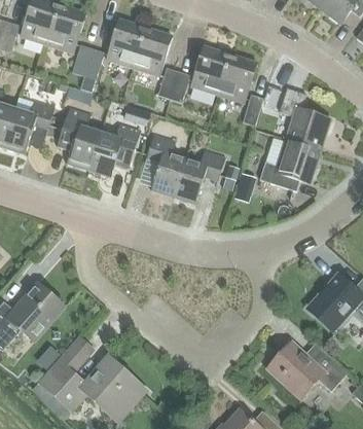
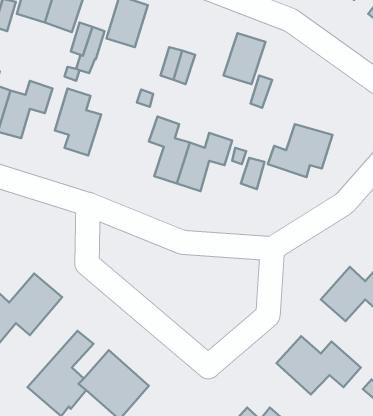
building: [133,27,172,75] -> none
building: [191,45,230,94] -> none
building: [280,87,330,150] -> none
building: [88,121,140,177] -> none

